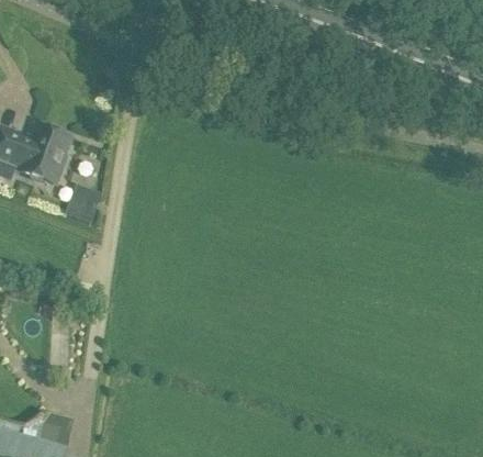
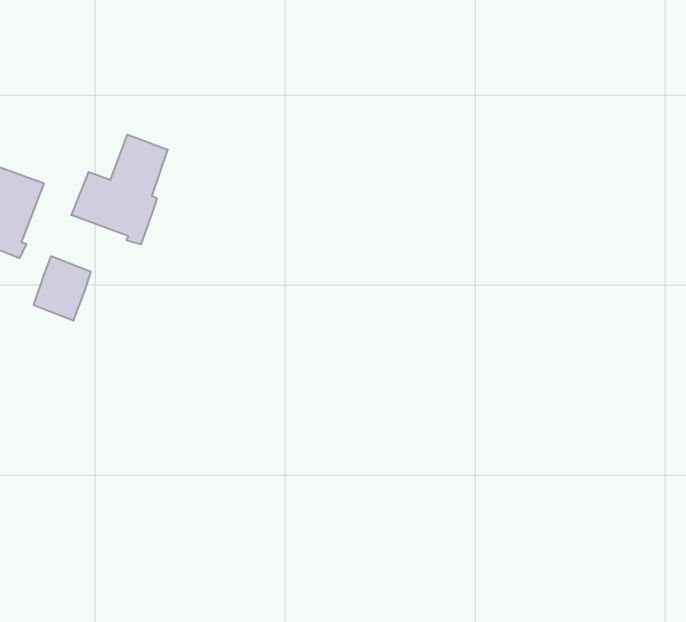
building: none -> [71,134,168,244]

